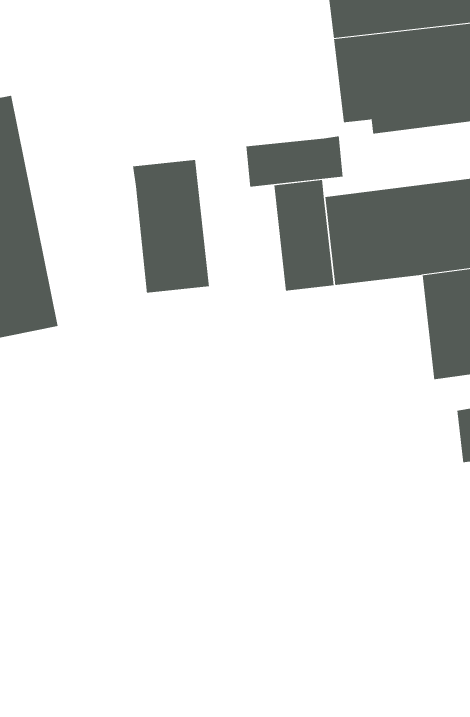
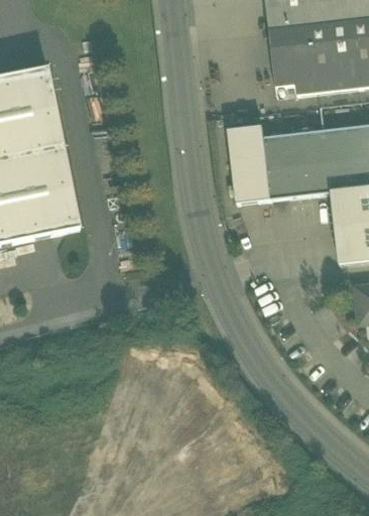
building: [246,136,343,187] -> none
building: [133,159,210,293] -> none

